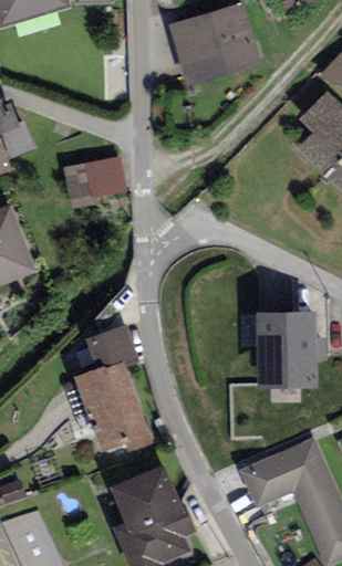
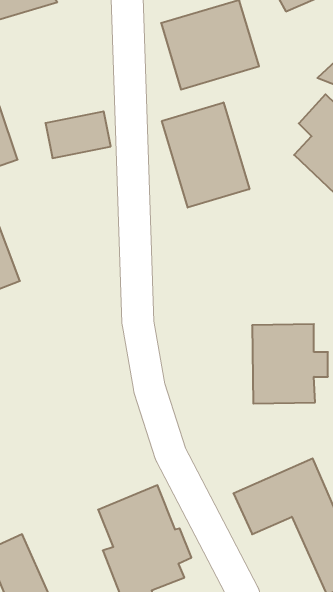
building: none -> [162,102,249,208]
building: [64,158,126,202] -> [45,111,111,158]
building: [63,325,153,452] -> none

